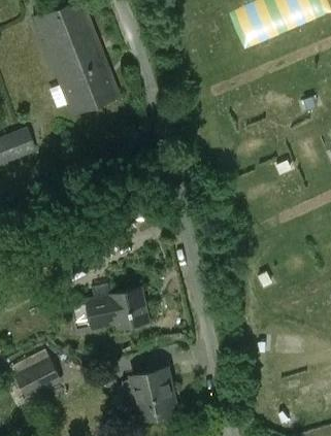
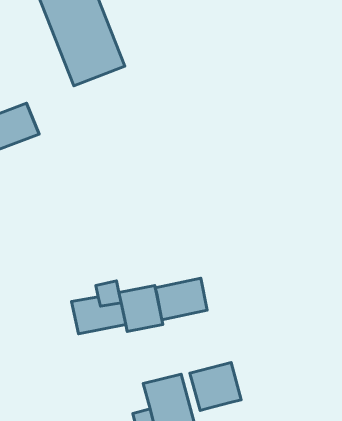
building: none -> [155,278,207,320]
building: none -> [190,362,241,411]
building: [12,363,59,404] -> none

